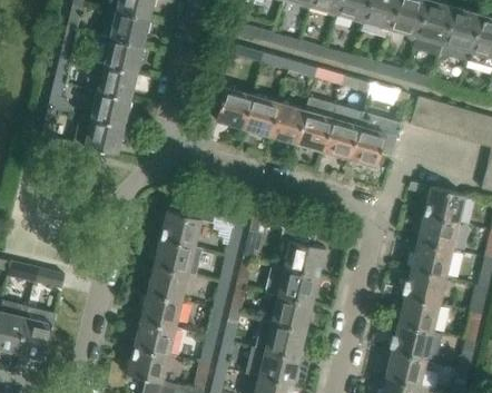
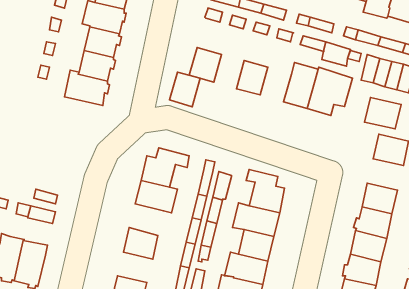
building: [244,97,278,136] -> [170,72,200,107]
building: [296,99,335,150] -> none
building: [417,215,459,250] -> [365,98,401,129]
building: [148,266,187,302] -> none
building: [135,321,175,355] -> none

